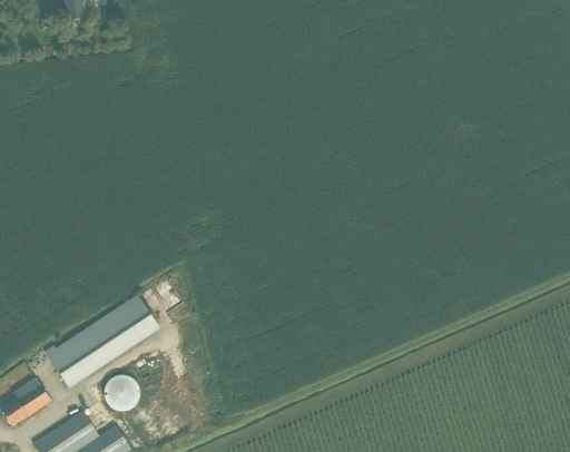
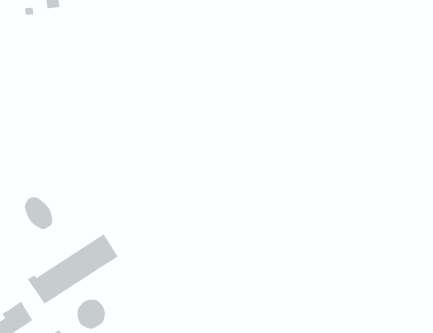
building: none -> [24,197,53,230]

